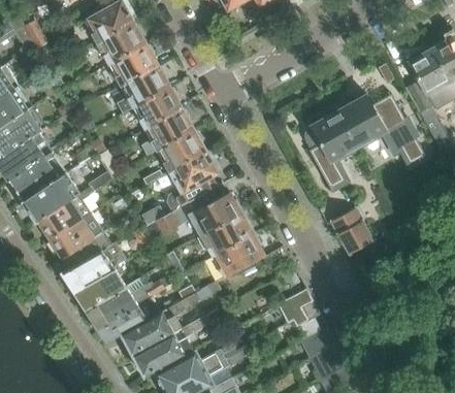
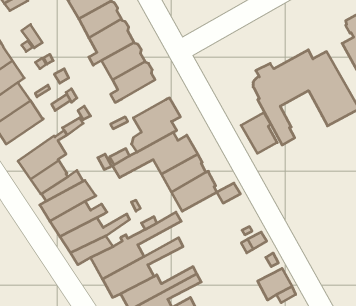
building: [156,129,205,172] -> none
building: [24,173,78,222] -> none
building: [331,207,372,254] -> [241,113,277,153]

